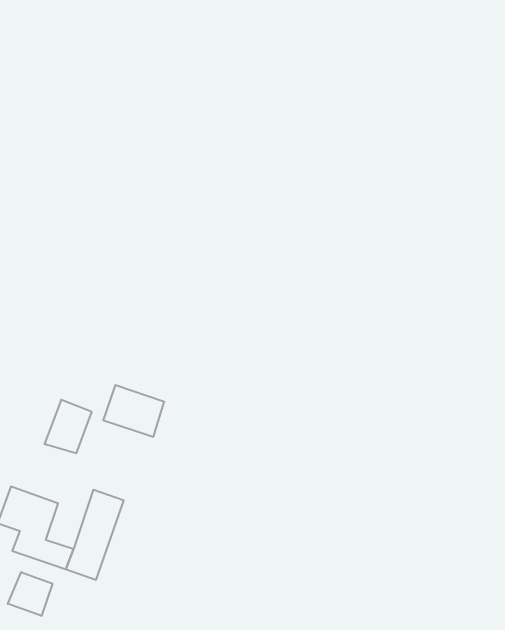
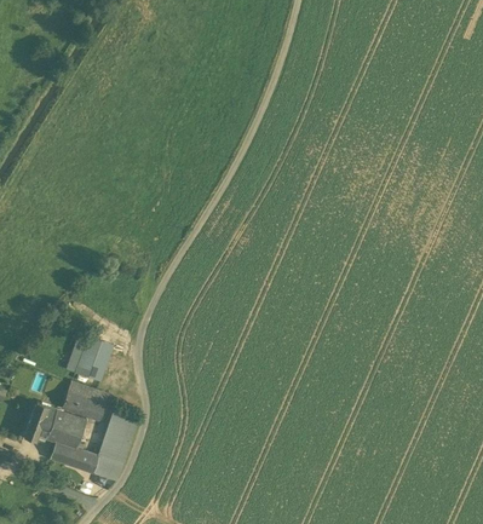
building: [103,385,164,437] -> [62,380,110,421]
building: [8,572,52,616] -> none

